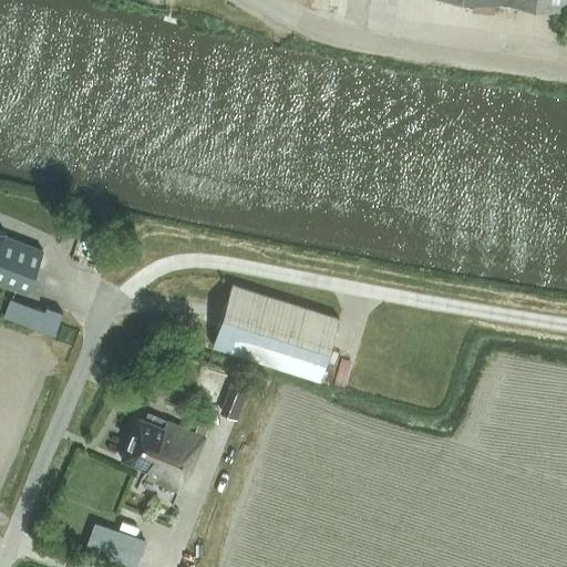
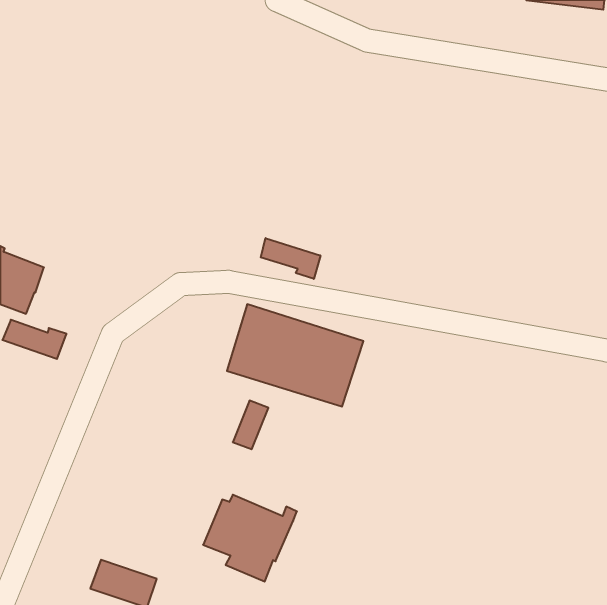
building: none -> [261,238,320,279]
building: [120,414,207,495] -> [203,495,297,582]

